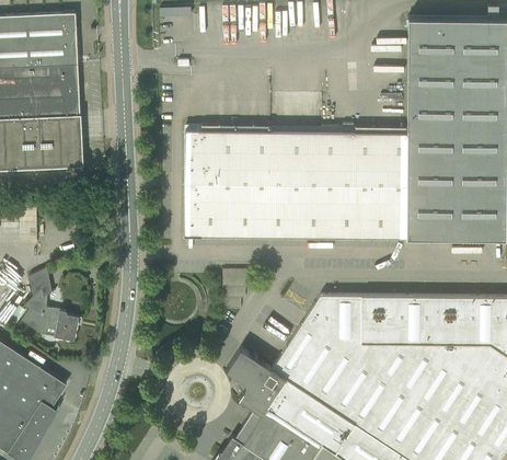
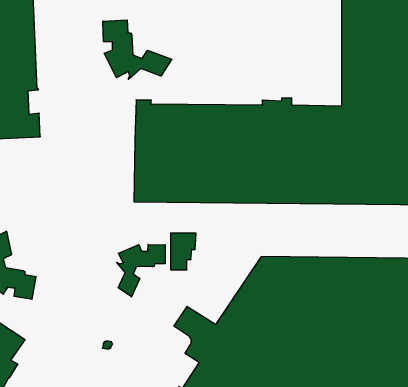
building: none -> [103,20,172,79]
building: none -> [117,244,165,297]

